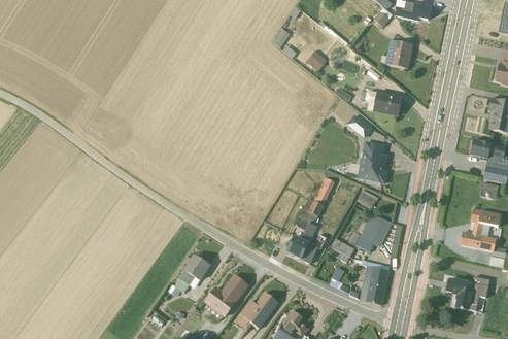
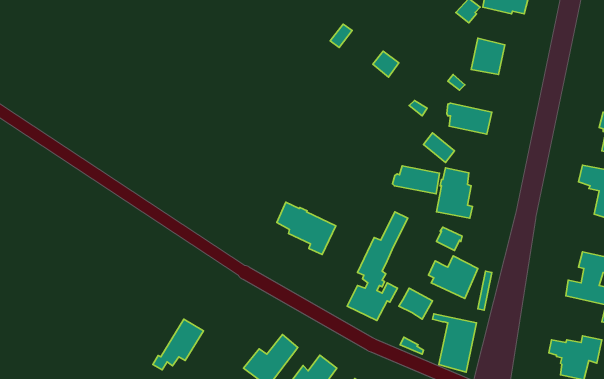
building: none -> [393,166,440,194]
building: none -> [277,202,336,255]
building: [169,256,209,296] -> [153,319,203,370]

